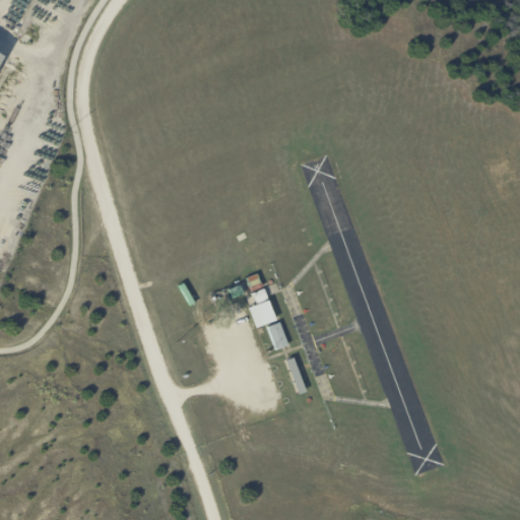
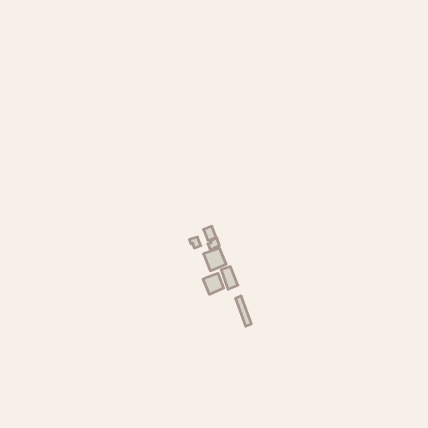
building: none -> [203,273,224,294]

